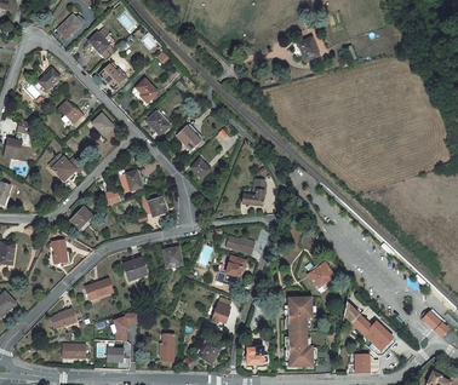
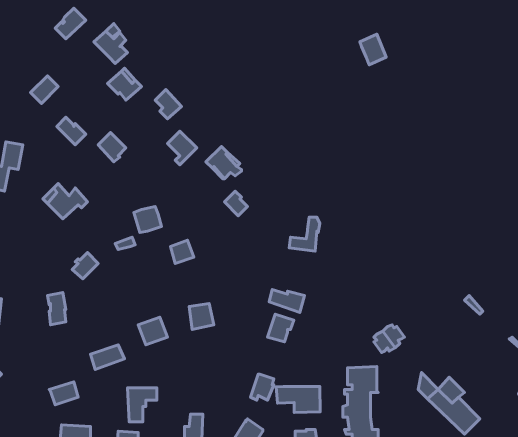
building: none -> [276,387,320,413]

